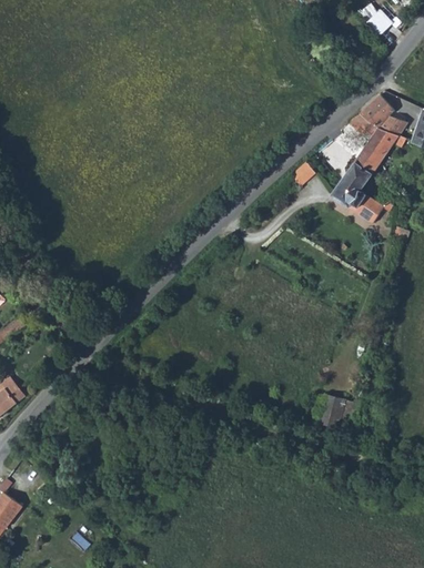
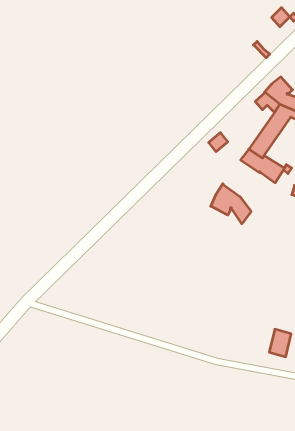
building: none -> [211,184,251,224]
building: [319,394,345,427] -> [269,329,291,357]

